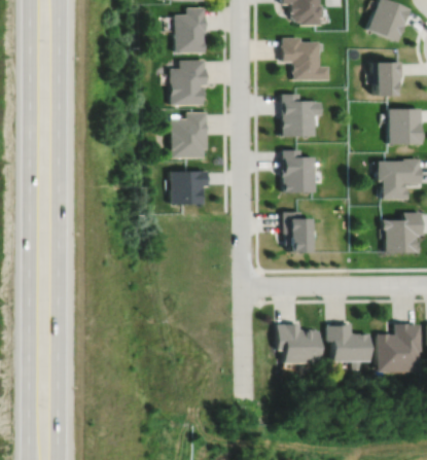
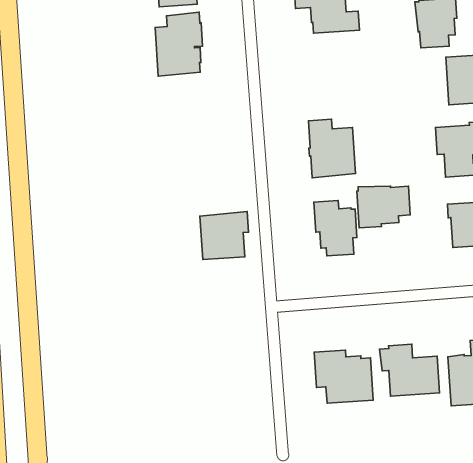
building: [282,92,322,135] -> none
building: [173,113,208,160] -> none
building: [172,169,208,203] -> [200,212,249,260]
building: none -> [357,186,410,228]

